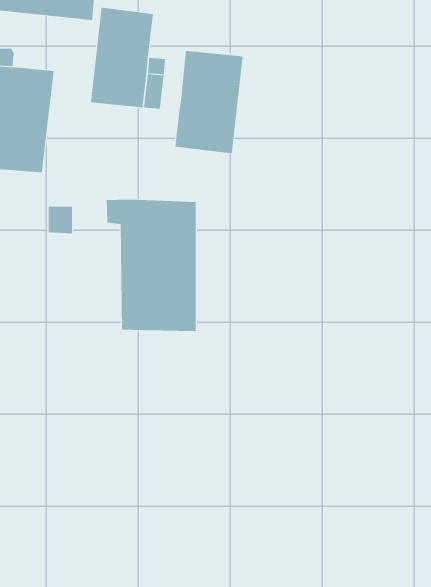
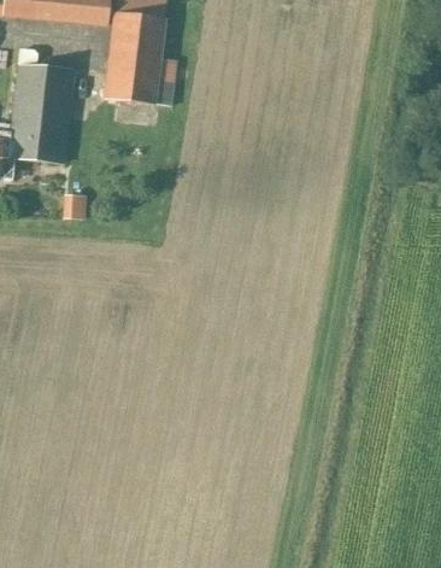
building: [175,50,243,154] -> none
building: [106,199,196,332] -> none

